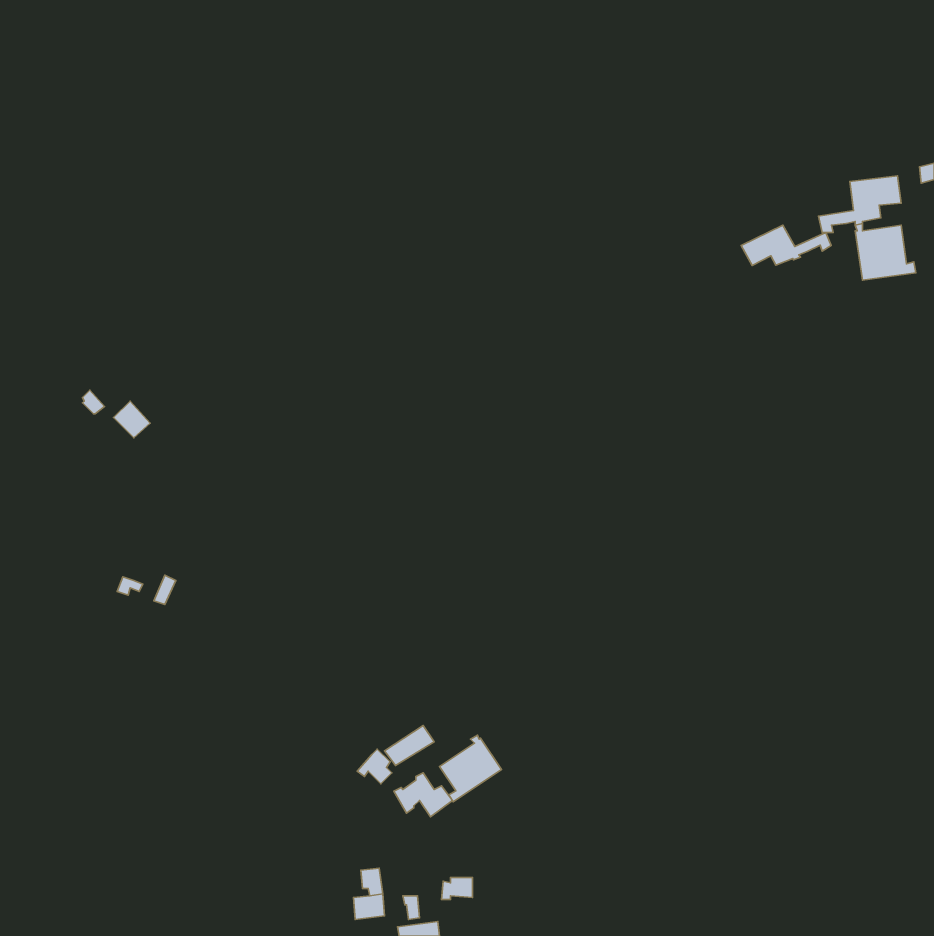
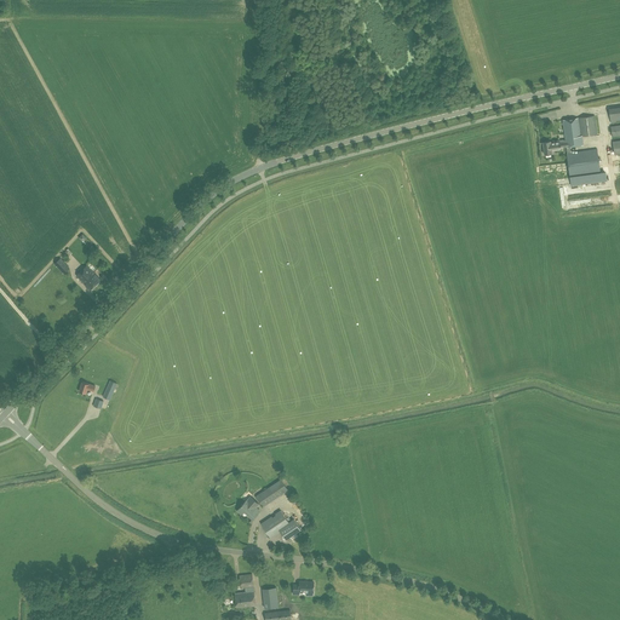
building: [741,225,831,266] -> none
building: [440,735,501,802] -> none

